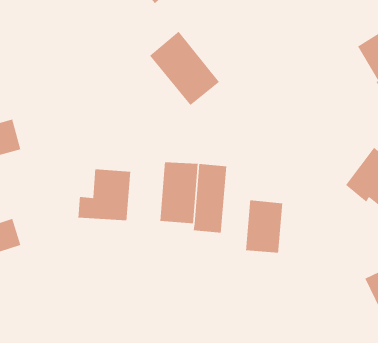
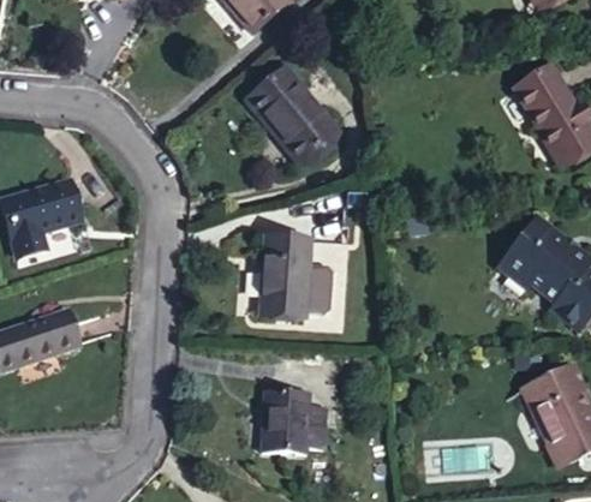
building: [78,169,131,221] -> none
building: [245,199,283,253] -> none
building: none -> [263,392,327,452]

